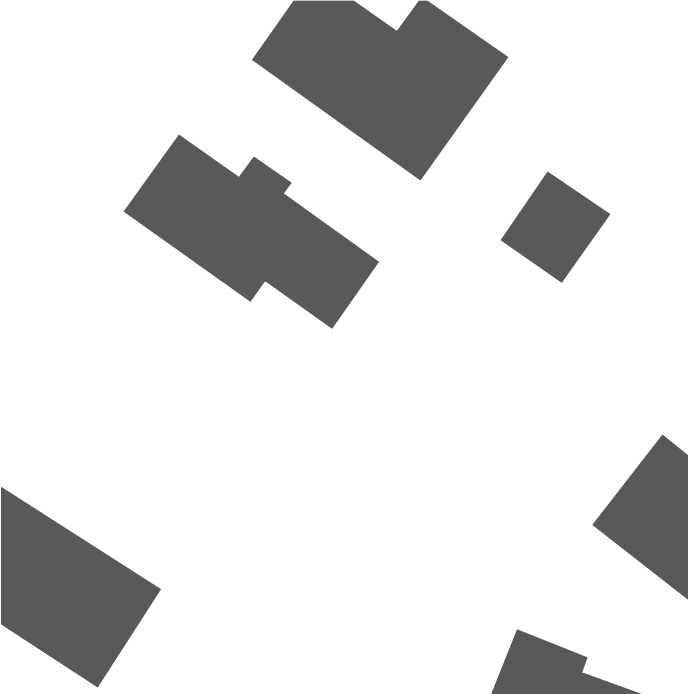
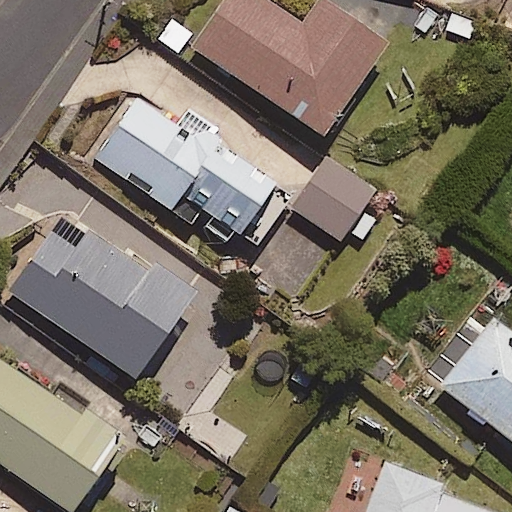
building: [500,171,611,284] -> [291,157,373,240]
building: none -> [13,211,193,374]

